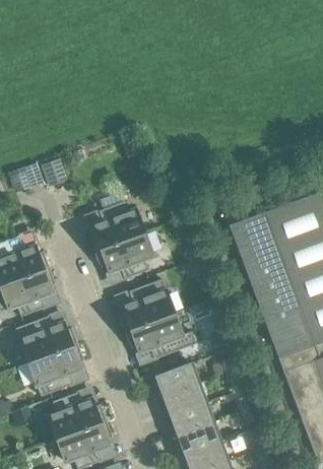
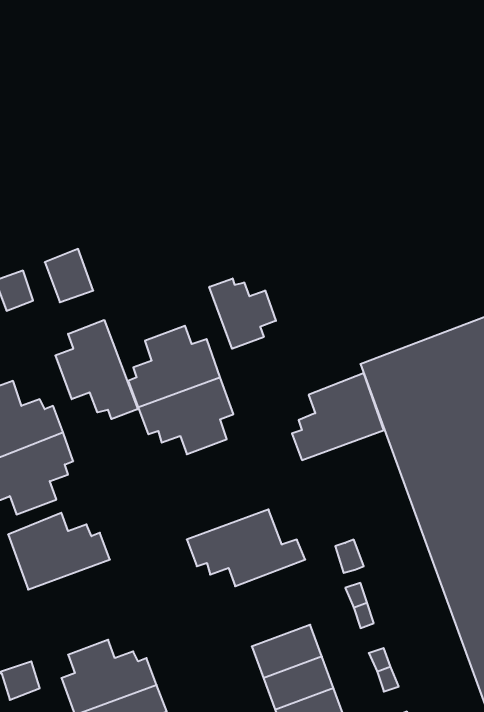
building: none -> [209,278,276,349]
building: none -> [55,320,138,419]
building: [118,278,174,331] -> [292,373,384,460]
building: [27,343,83,396] -> none
building: [155,362,199,396] -> none

